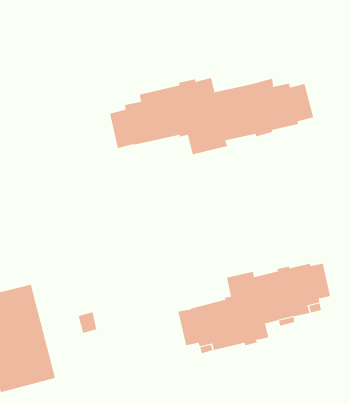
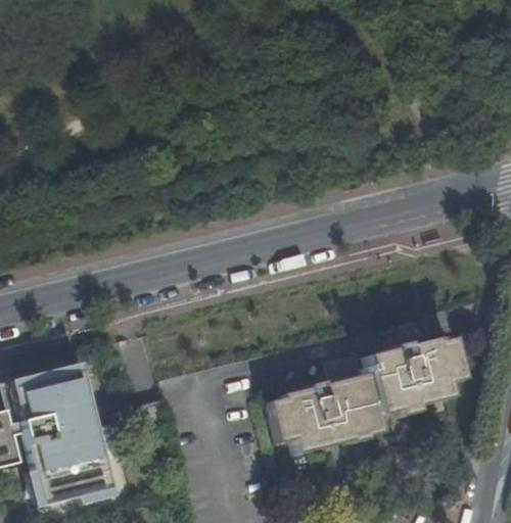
building: [109,77,314,155] -> none

